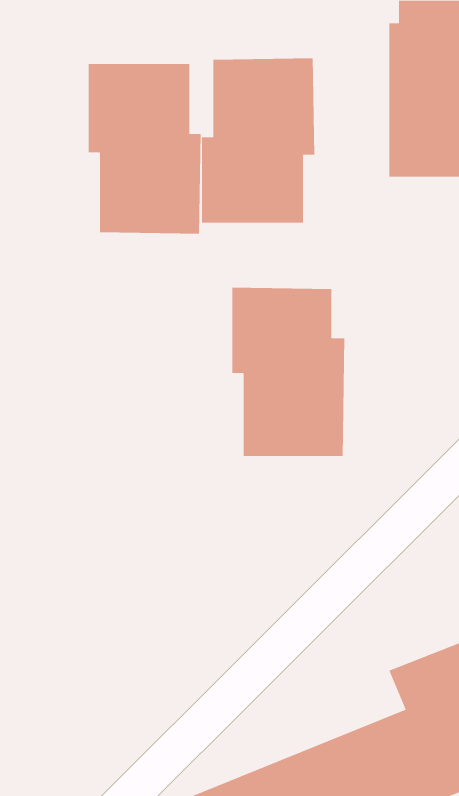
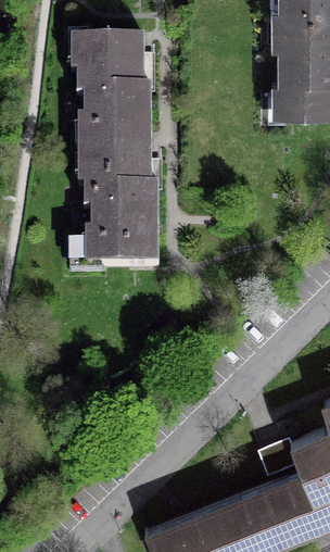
building: [201,58,315,224] -> none
building: [231,287,345,457] -> [82,158,158,271]

